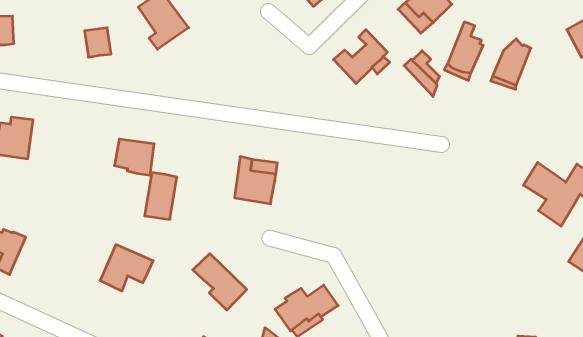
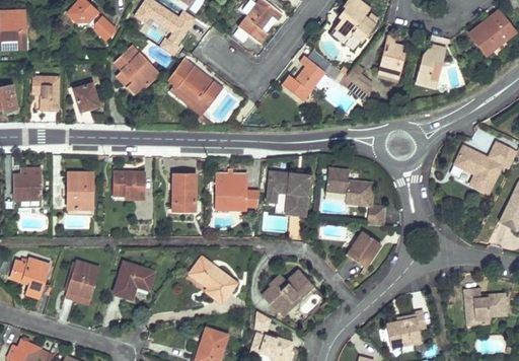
building: none -> [32,74,59,110]
building: none -> [167,58,223,107]
building: none -> [69,171,93,209]
building: none -> [266,171,308,216]
building: none -> [323,169,383,226]
building: [145,173,177,219] -> [172,174,195,211]
building: none -> [66,260,100,302]
building: none -> [344,231,380,268]

